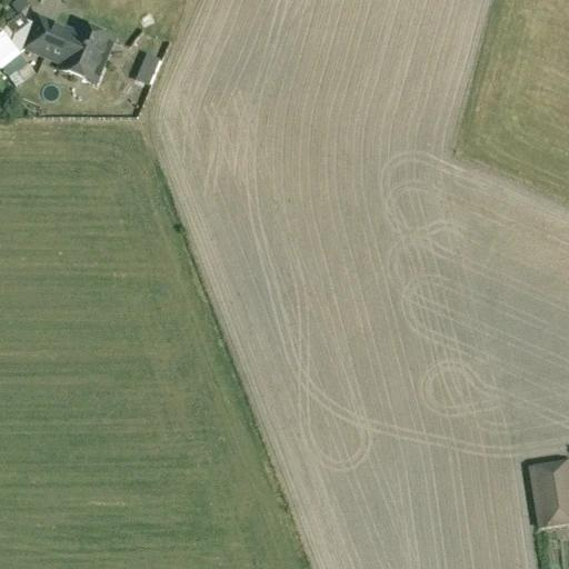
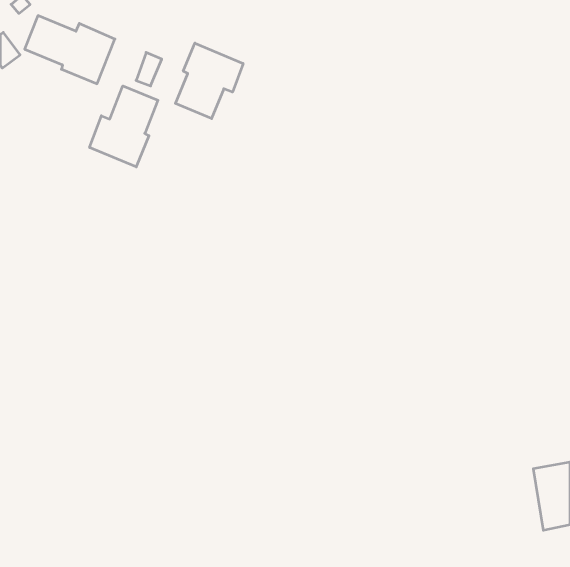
building: none -> [175,43,243,119]
building: none -> [90,86,158,167]

